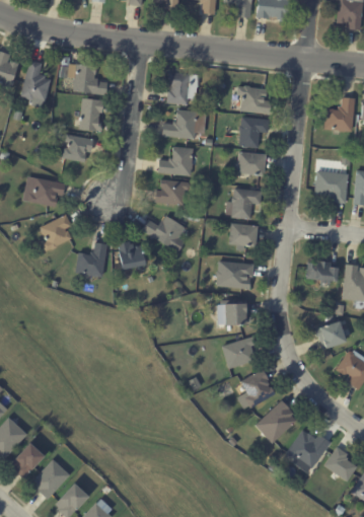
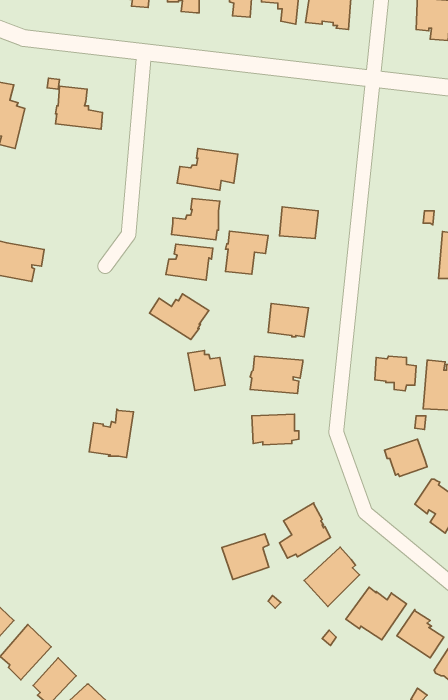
building: [166,71,199,105] -> none
building: [237,86,272,115] -> none
building: [324,97,356,132] -> none
building: [76,98,103,132] -> none
building: [239,117,270,148] -> none
building: [62,134,93,162] -> none
building: [314,171,349,204] -> none
building: [231,189,263,220] -> [225,231,268,274]
building: [41,215,72,251] -> none
building: [118,241,145,271] -> [188,350,225,391]
building: [75,242,107,278] -> [89,409,134,458]
building: [221,337,256,370] -> [222,534,269,579]

